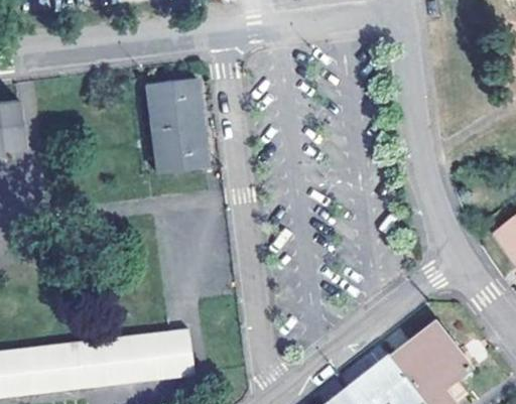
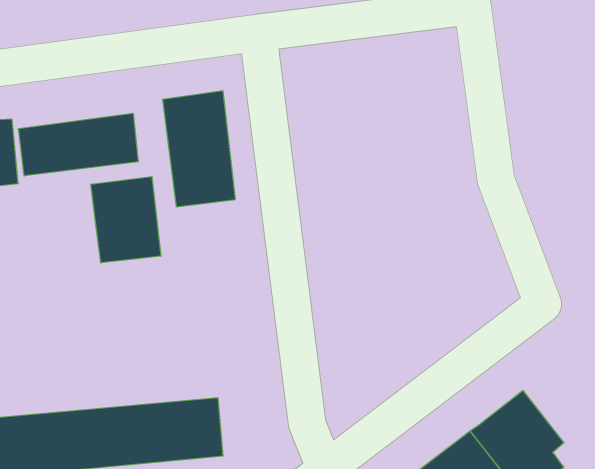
building: none -> [18,113,138,176]
building: none -> [91,176,161,263]

